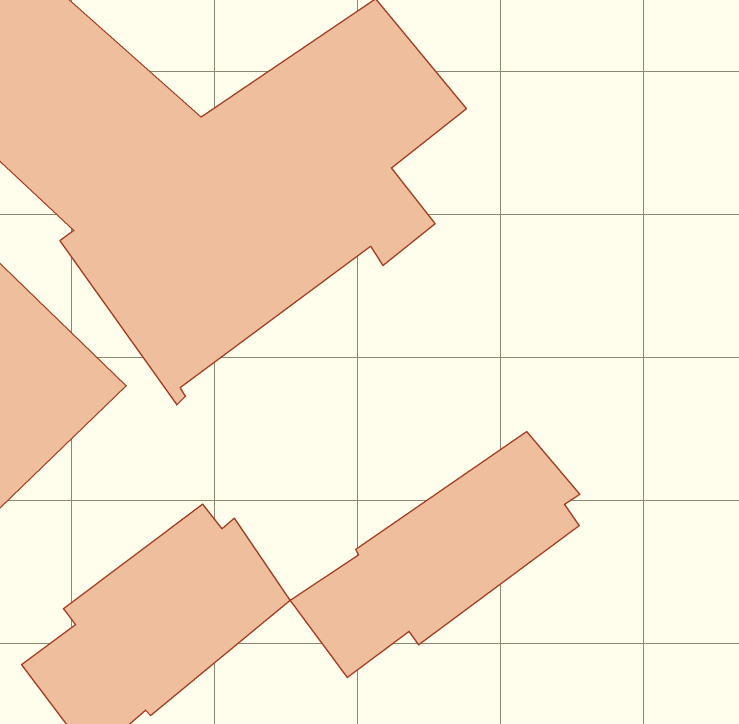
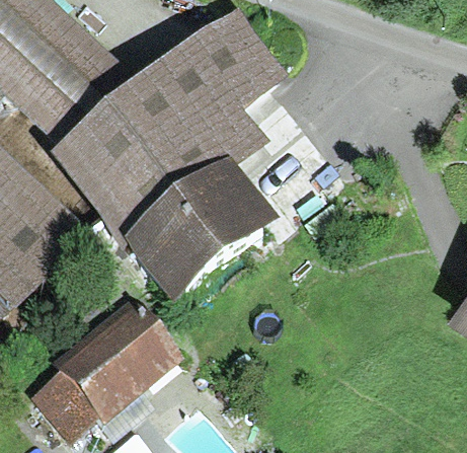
building: none -> [121,151,283,302]
building: [290,432,580,678] -> none

